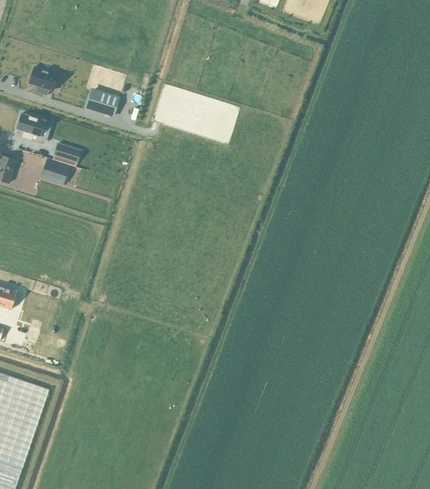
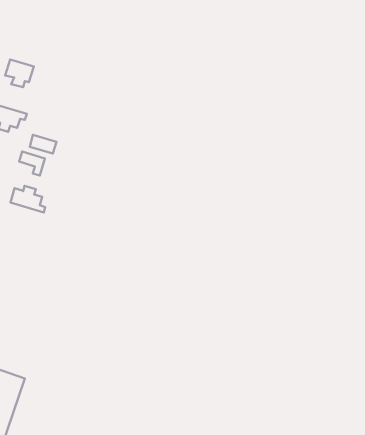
building: [87,90,118,116] -> none
building: none -> [10,186,45,213]

